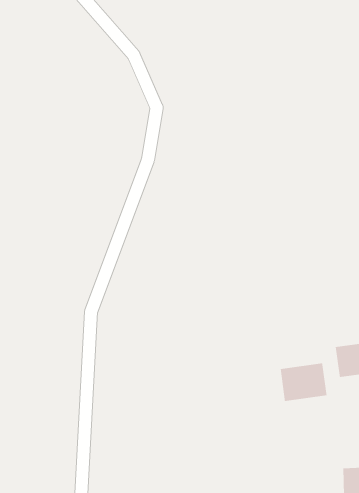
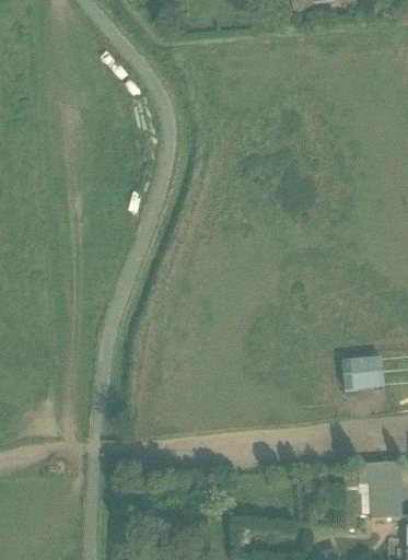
building: [280,363,327,402] -> none

